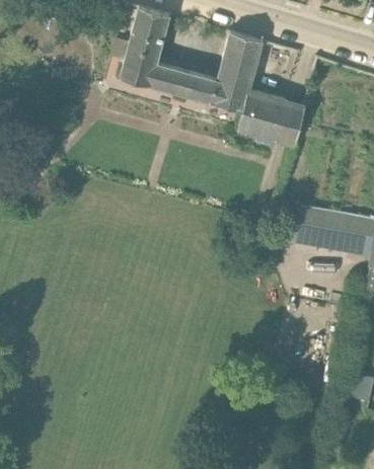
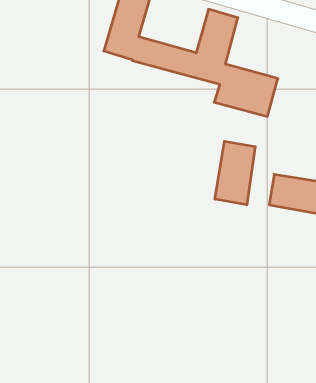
building: none -> [215,141,255,205]

